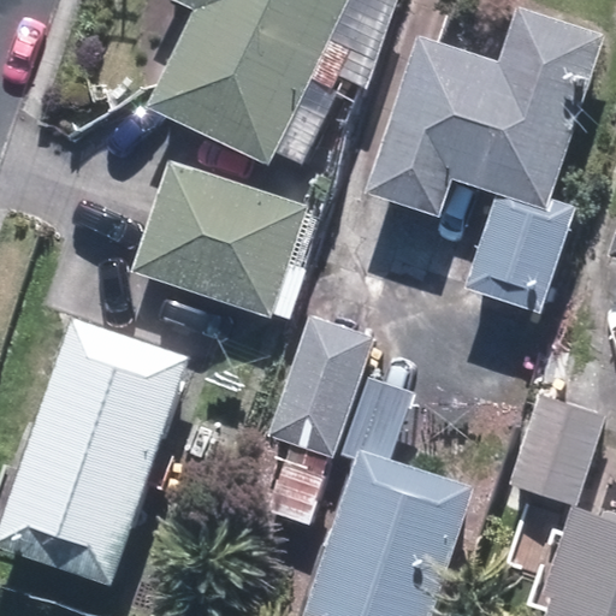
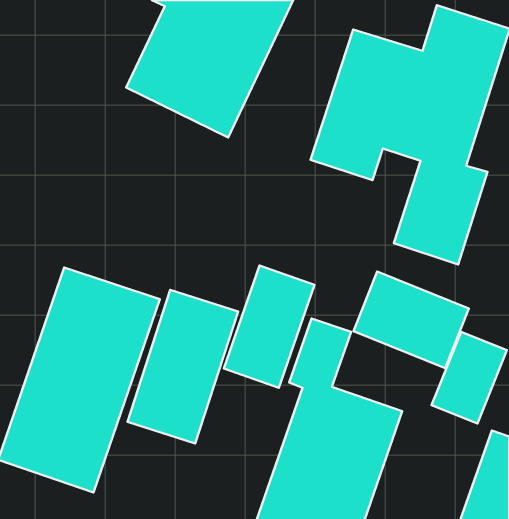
building: [129,160,306,318] -> none
building: none -> [353,271,469,368]
building: none -> [127,290,238,443]

